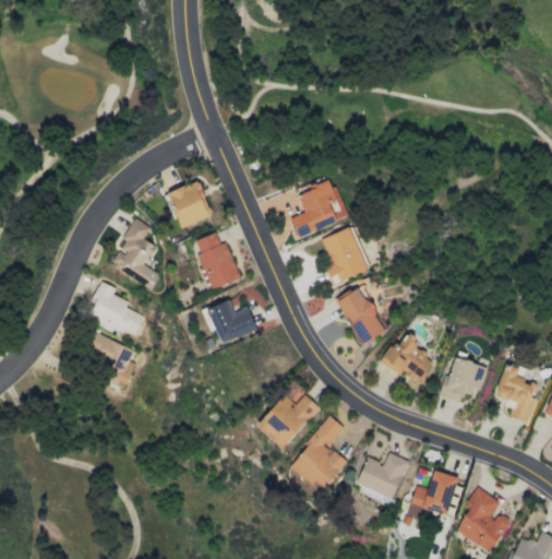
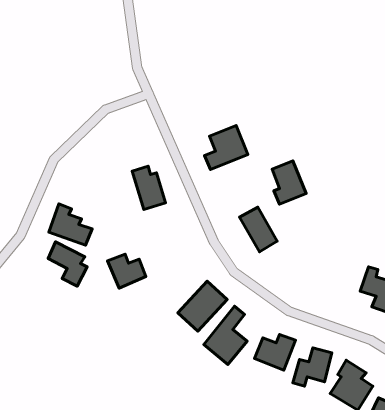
building: [168,180,214,228] -> none
building: [112,218,161,289] -> none
building: [323,228,368,285] -> [272,161,306,204]
building: [207,300,257,345] -> [108,254,146,288]
building: [380,331,434,383] -> none
building: [442,357,487,403] -> none

